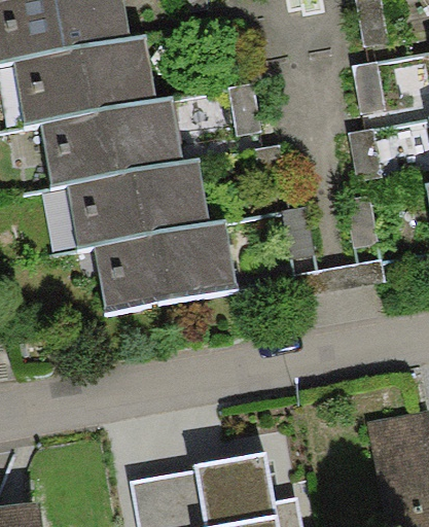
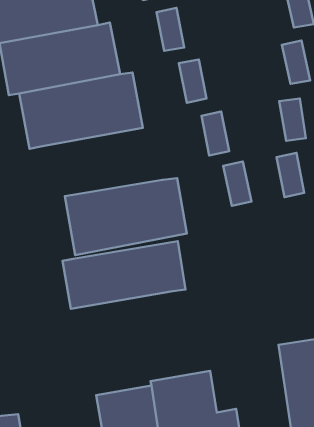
building: [67,165,210,250] -> none
building: none -> [62,241,185,309]

